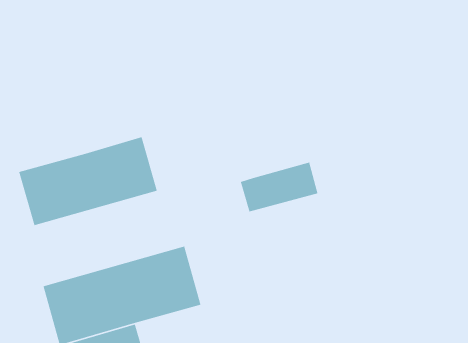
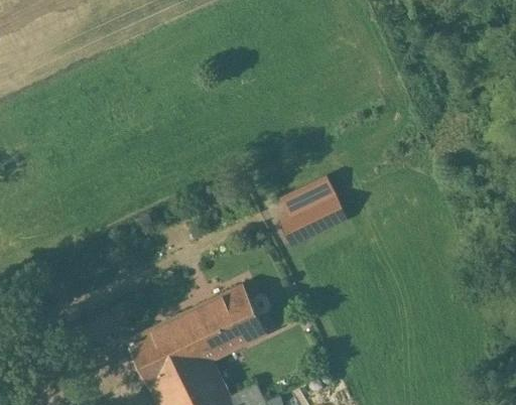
building: [18,136,158,226] -> none
building: none -> [279,175,335,217]

